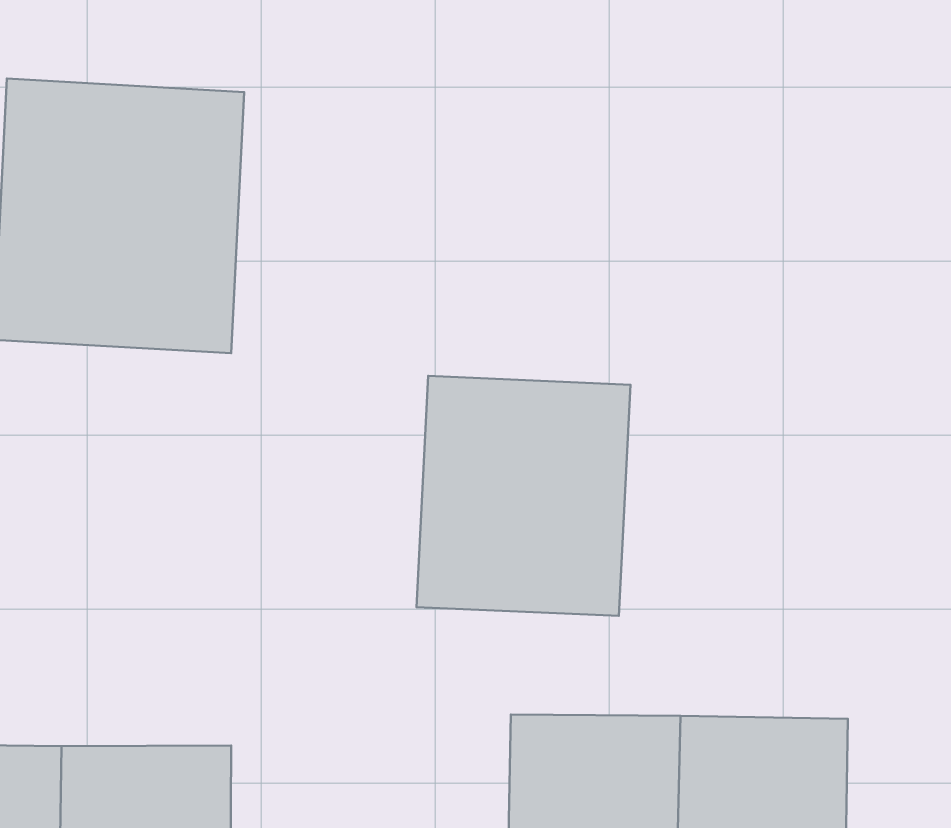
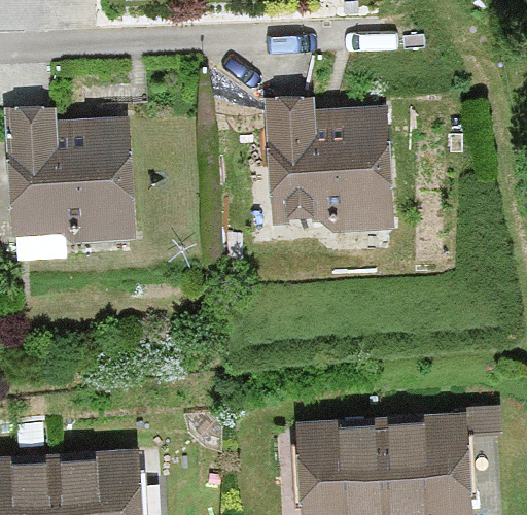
building: none -> [267,95,391,233]
building: [416,376,631,616] -> none

